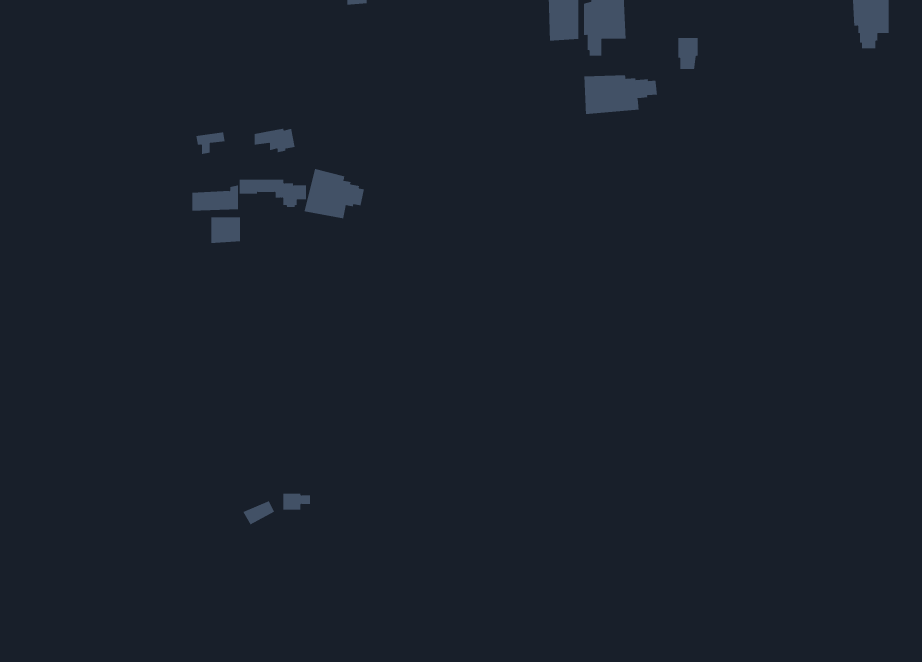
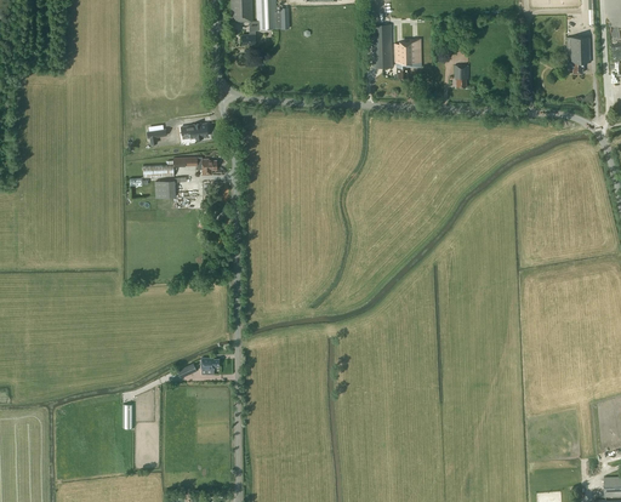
building: [584,74,657,115] -> none
building: [304,168,365,219] -> none

